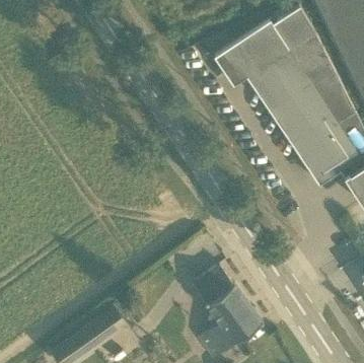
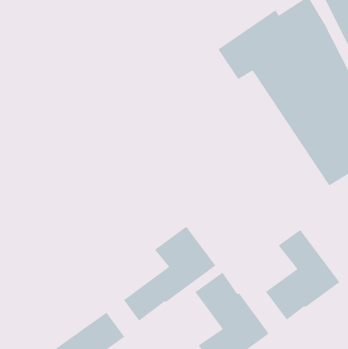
building: none -> [123,226,216,322]
building: none -> [265,229,340,321]

